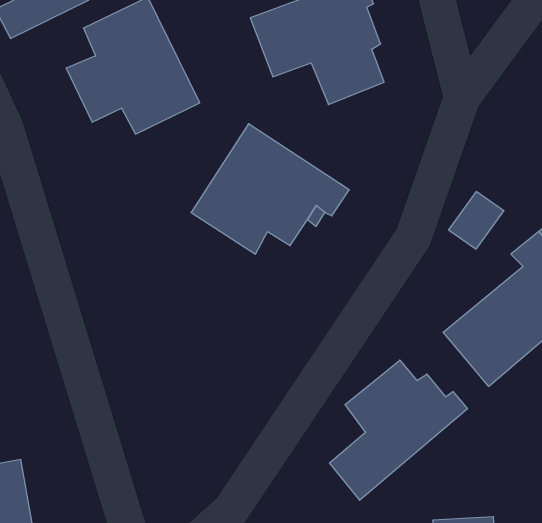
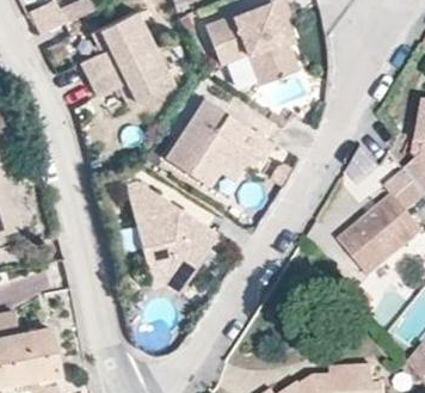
building: none -> [124,179,217,290]
building: [329,360,467,500] -> none

